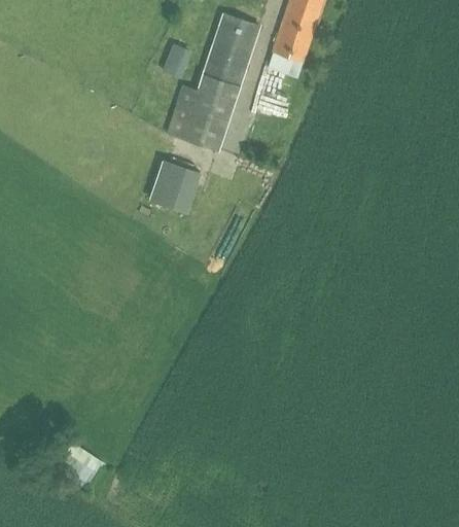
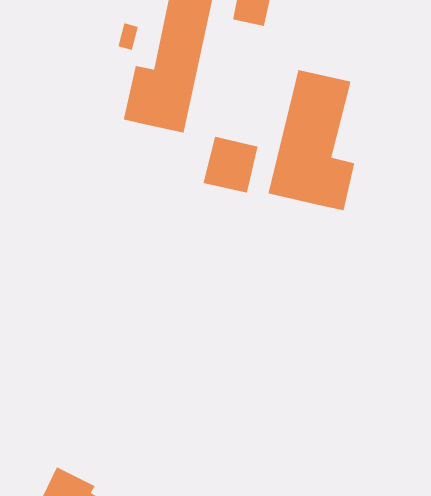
building: none -> [267,69,355,211]
building: [147,159,202,214] -> [203,136,258,194]

